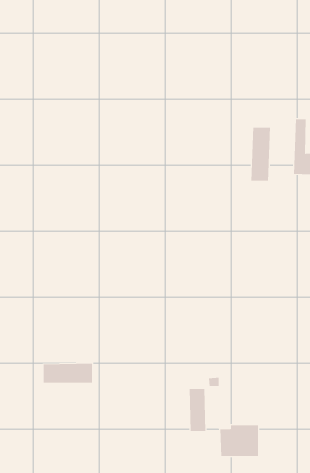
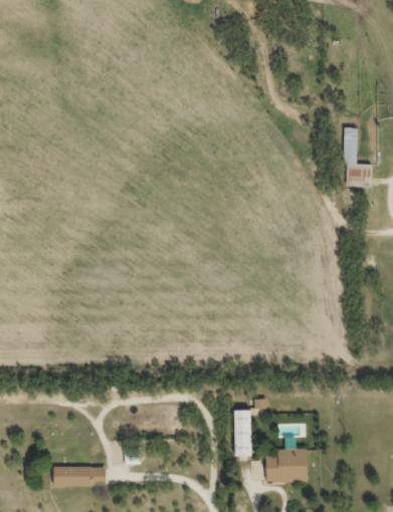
building: [251,127,270,181] -> none
building: [43,363,93,383] -> [54,466,107,487]

